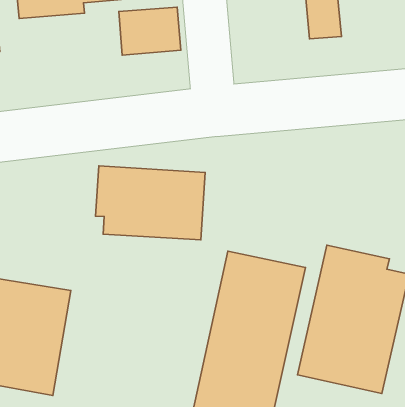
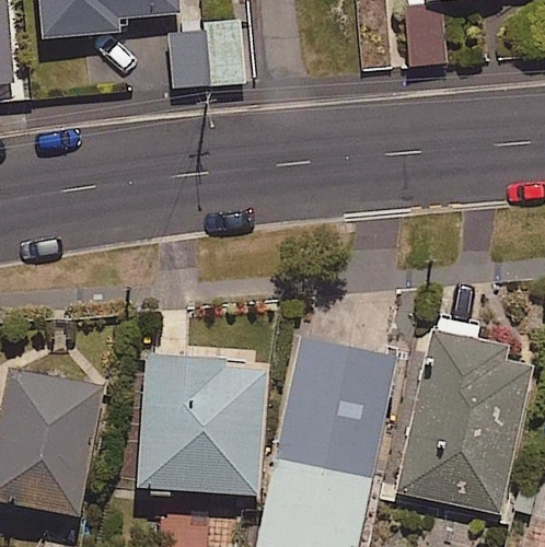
building: [96,166,205,240] -> none
building: none -> [136,352,266,496]

